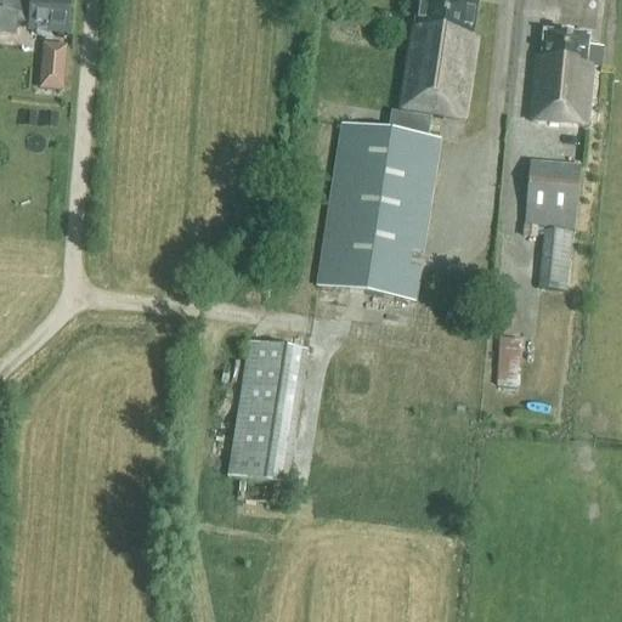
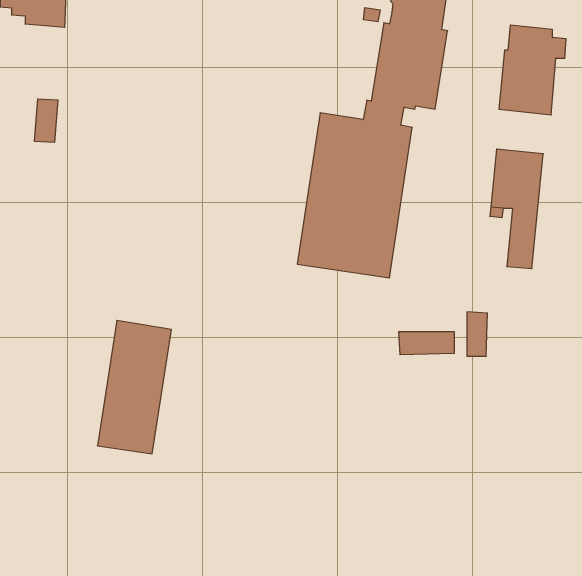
building: [40,40,66,86] -> [34,99,58,142]
building: [227,340,306,482] -> [97,320,171,454]
building: none -> [399,332,454,355]

